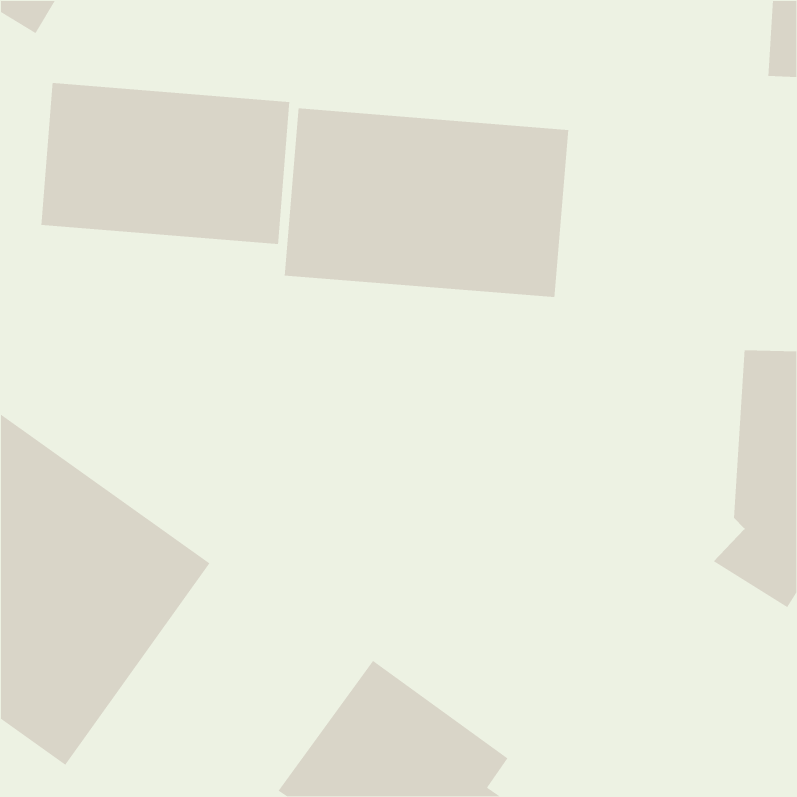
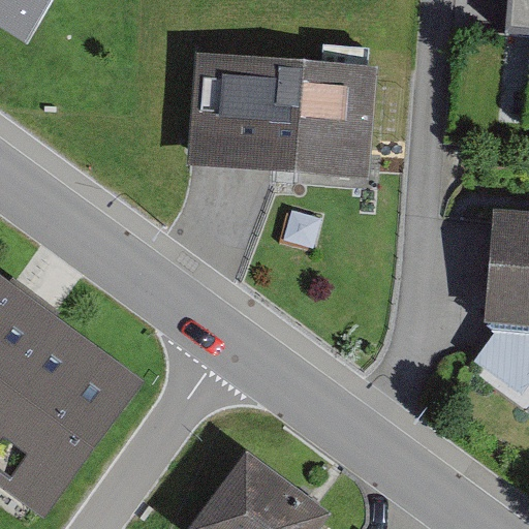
building: [41,82,290,245] -> none

